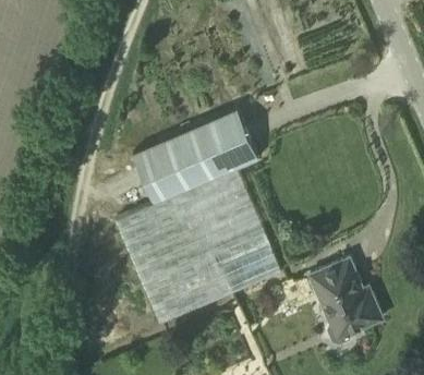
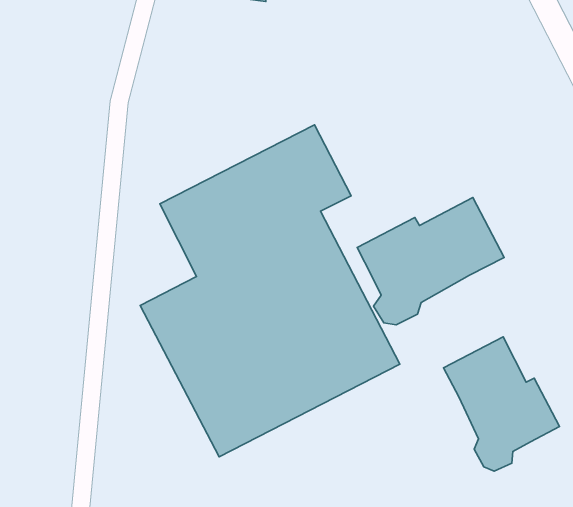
building: none -> [357,197,504,325]

